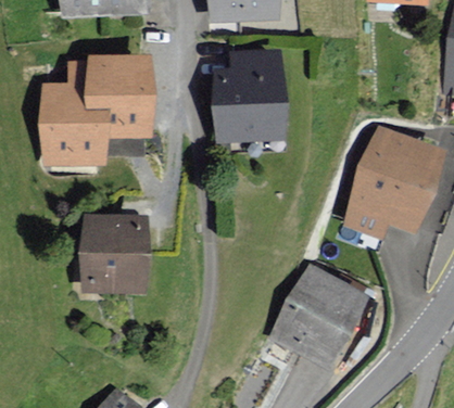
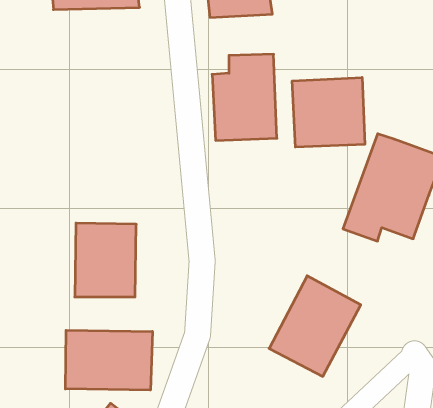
building: [40,58,148,167] -> none
building: none -> [292,77,365,147]
building: none -> [65,330,152,390]

